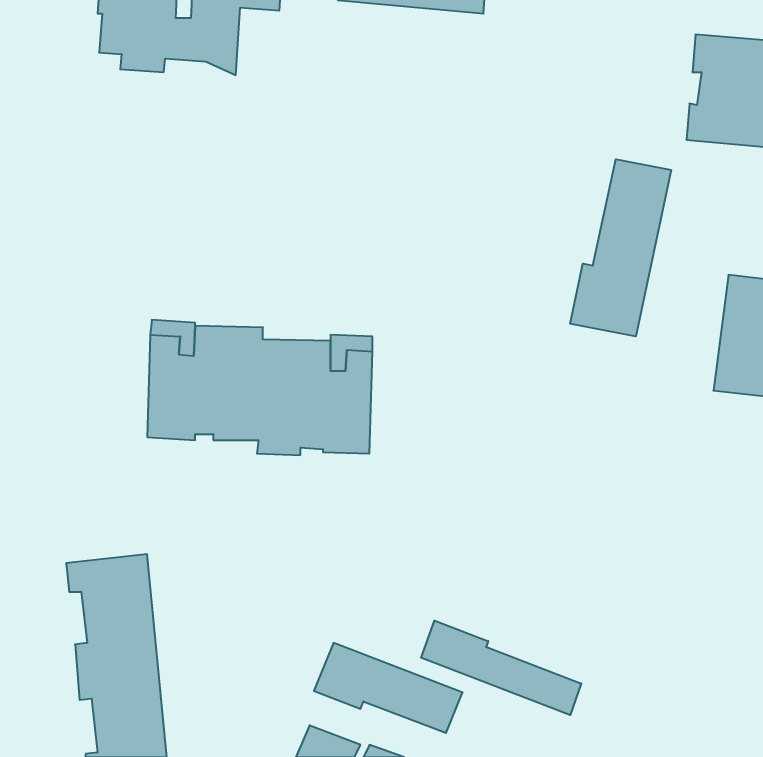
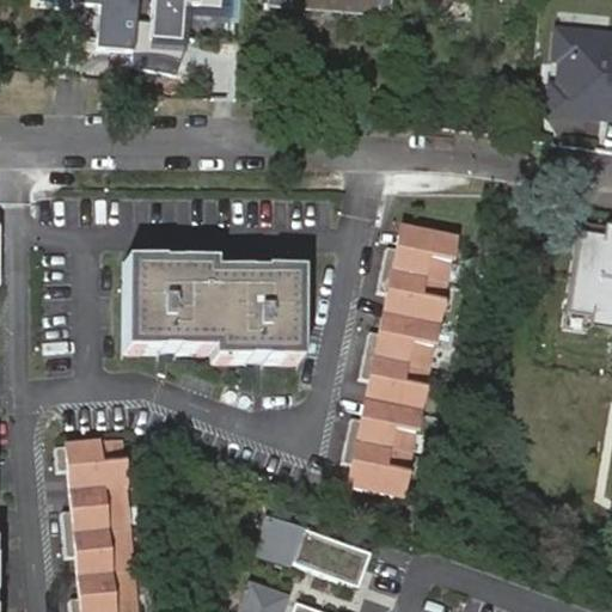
building: [570,159,671,336] -> none
building: none -> [345,228,459,496]
building: [421,621,581,715] -> none

